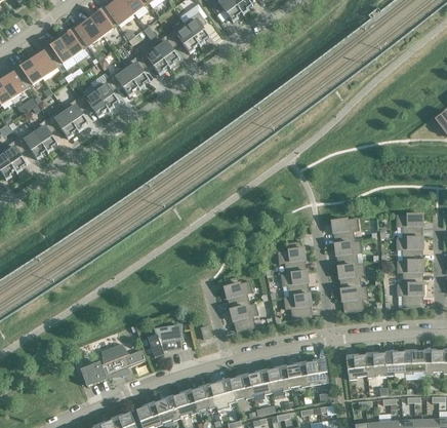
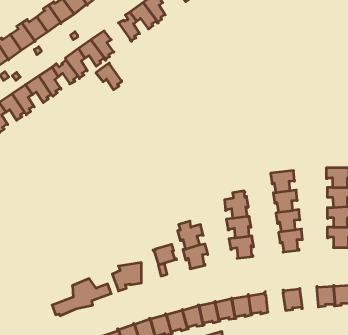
building: [137,44,167,75] -> [96,63,122,90]
building: none -> [153,244,177,265]
building: [364,352,385,378] -> none

